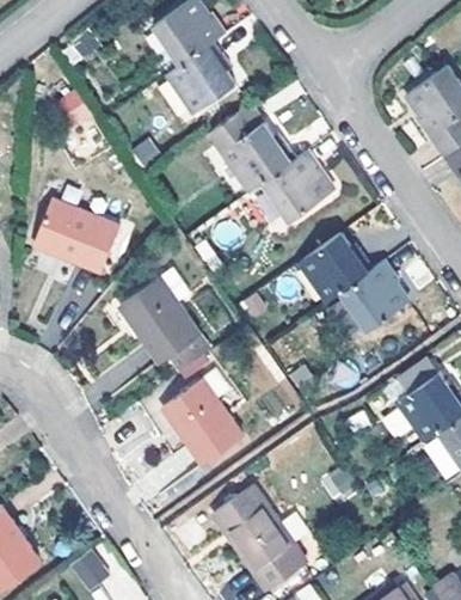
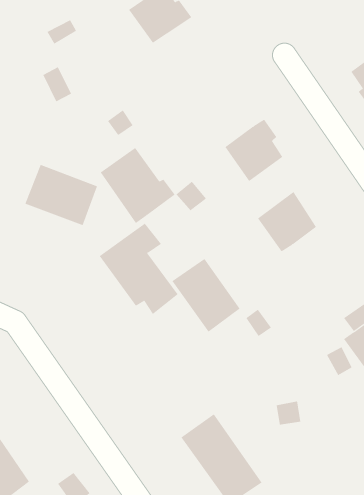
building: [167,42,235,114] -> none
building: [209,105,295,192] -> [100,147,175,224]
building: [340,261,408,332] -> none
building: [162,381,241,466] -> [171,258,241,332]

